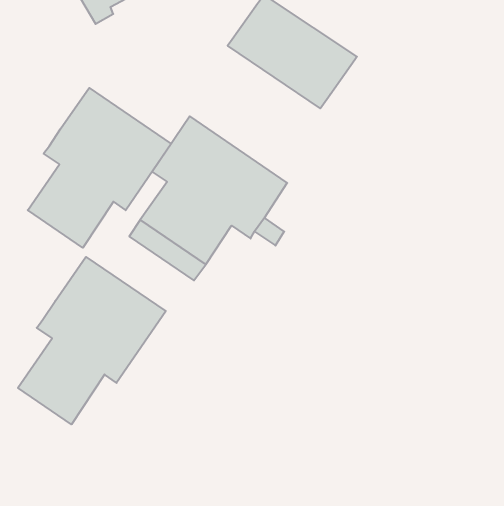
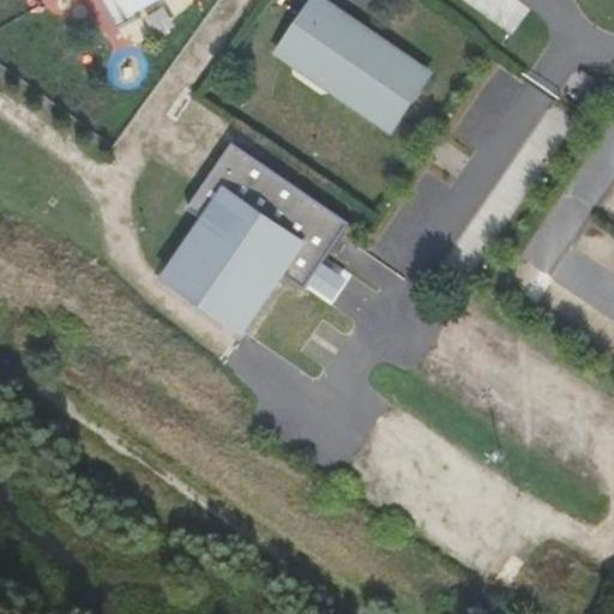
building: [28,88,171,248] -> none
building: [18,257,166,424] -> none

